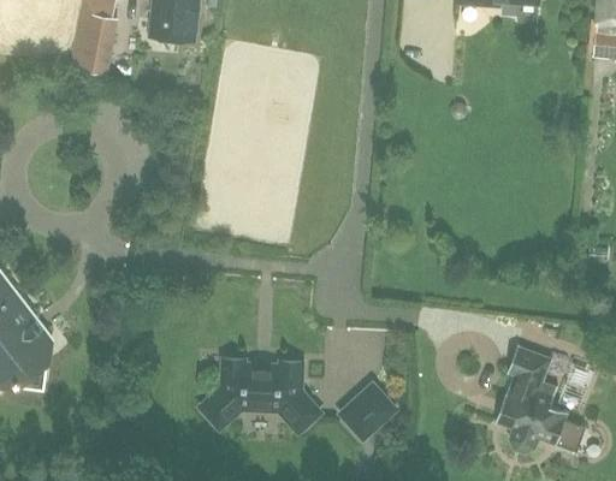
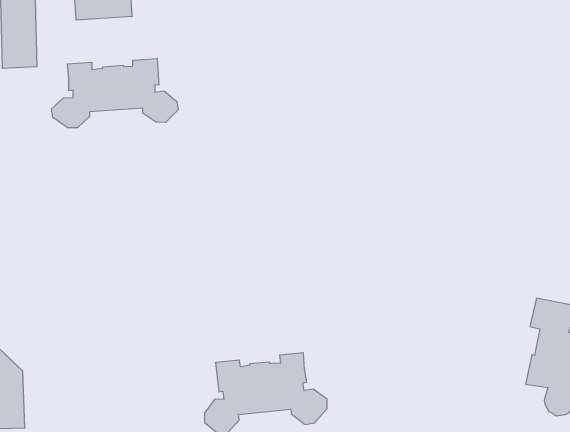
building: none -> [51,58,178,128]
building: [339,384,396,439] -> none

